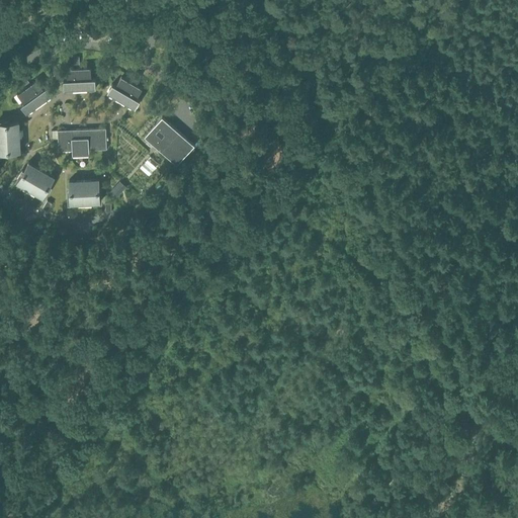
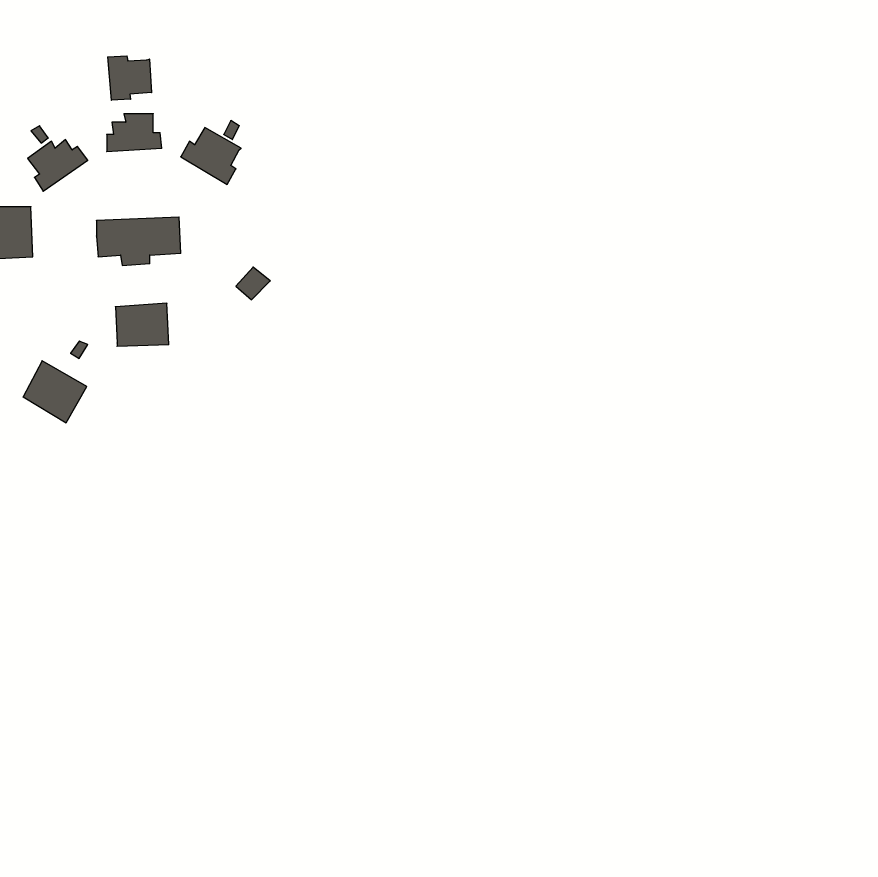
building: none -> [108,56,152,100]
building: [143,118,193,168] -> none
building: [16,163,54,199] -> [23,361,87,423]

